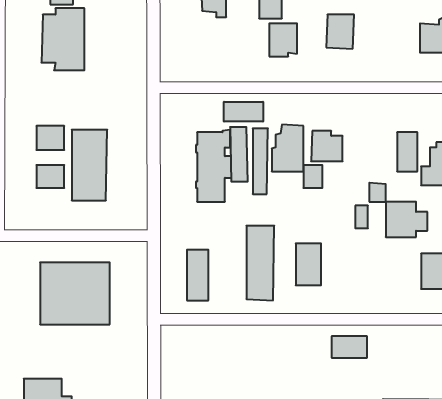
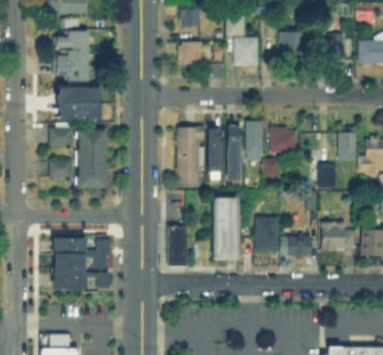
building: none -> [324,33,345,62]
building: none -> [179,38,201,65]
building: none -> [55,84,97,116]
building: [224,102,263,122] -> none
building: [386,202,427,237] -> [319,222,353,251]
building: [332,336,367,358] -> [281,236,310,254]

